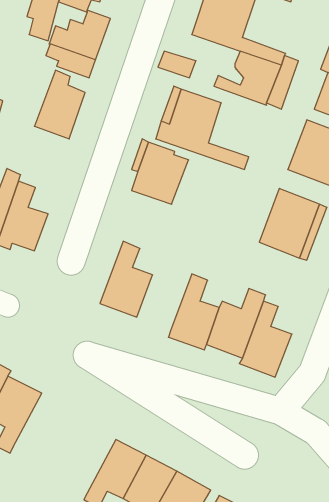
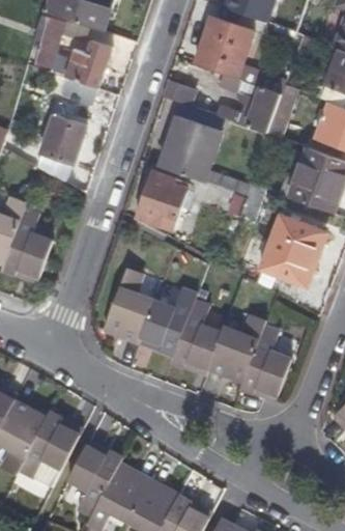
building: none -> [139,288,196,356]
building: none -> [18,412,83,477]
building: none -> [66,441,121,515]

